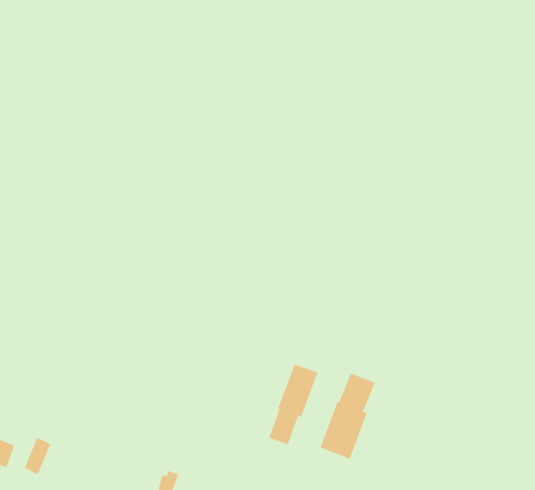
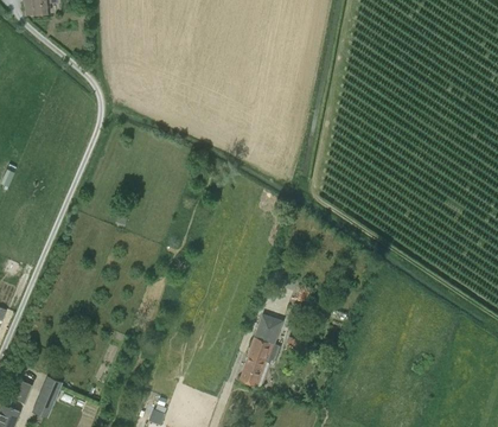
building: [319,373,376,460] -> none

